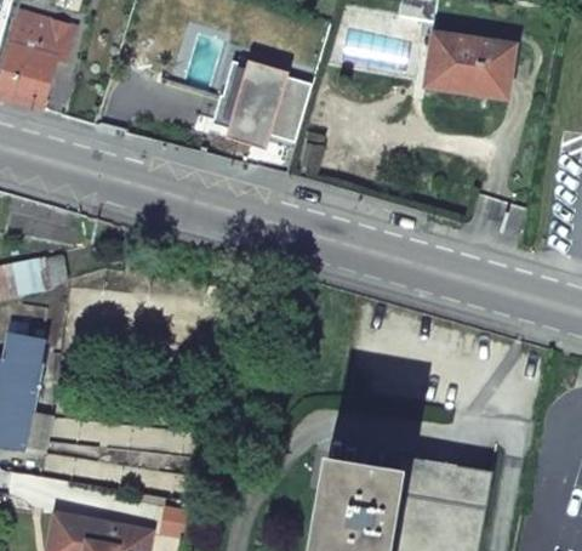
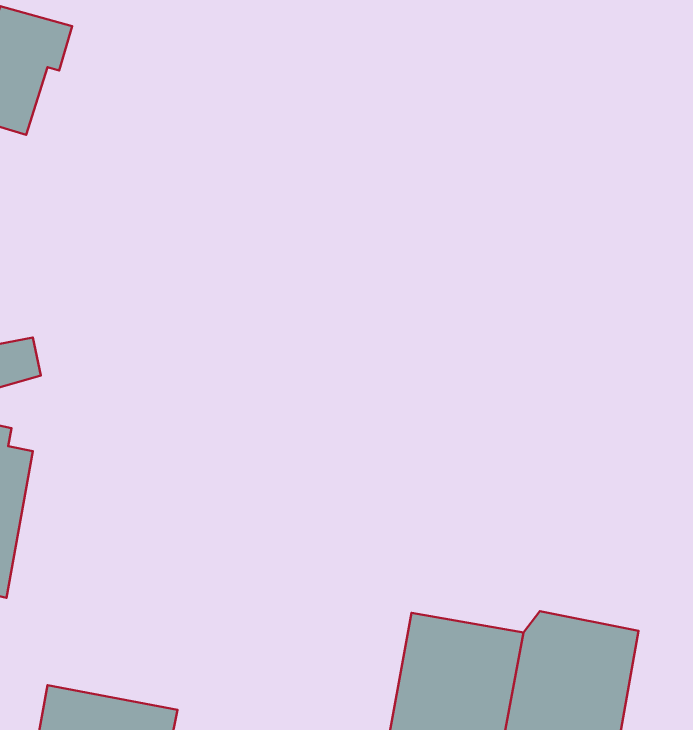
building: [423,32,514,98] -> none
building: [215,58,312,146] -> none

